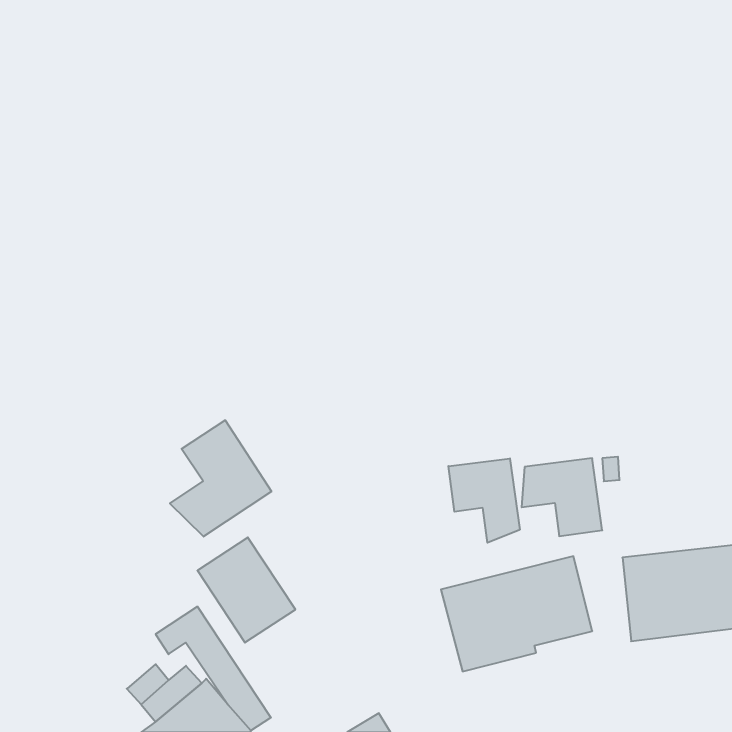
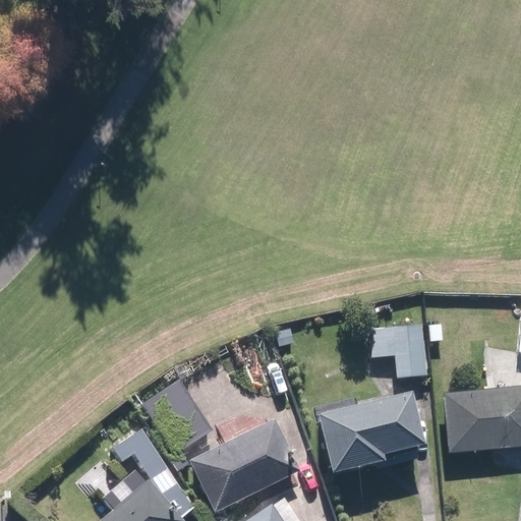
building: [170,420,271,537] -> none
building: [448,458,520,543] -> none
building: none -> [189,418,300,513]

